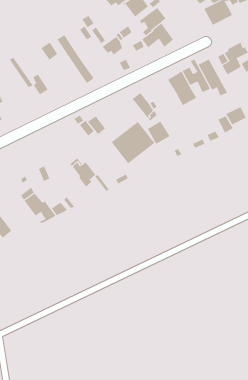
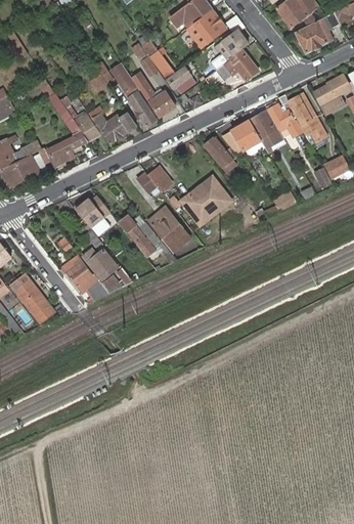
building: none -> [138,82,175,117]
building: none -> [94,113,136,142]
building: none -> [48,128,87,166]
building: [147,121,171,144] -> [231,121,261,150]
building: none -> [76,195,109,227]
building: none -> [160,219,187,251]
building: none -> [87,250,115,277]

